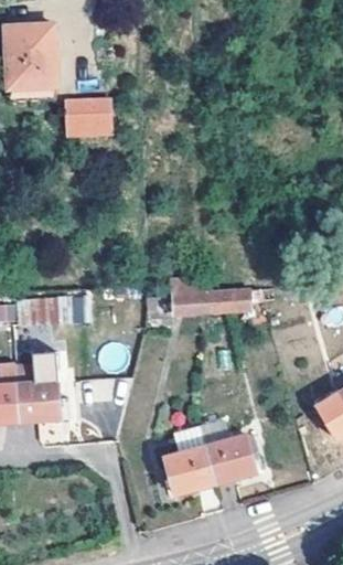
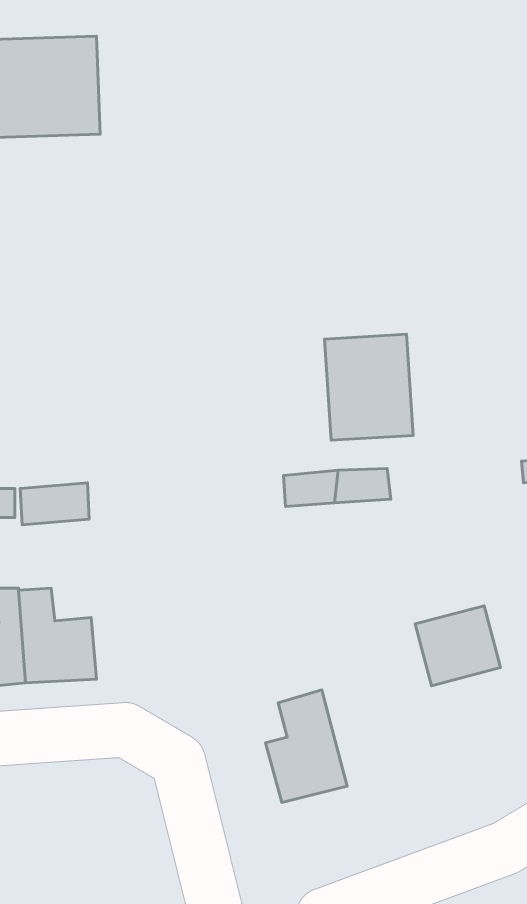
building: [62,96,111,137] -> none
building: none -> [325,334,413,440]
building: [204,436,256,484] -> [415,606,501,686]

